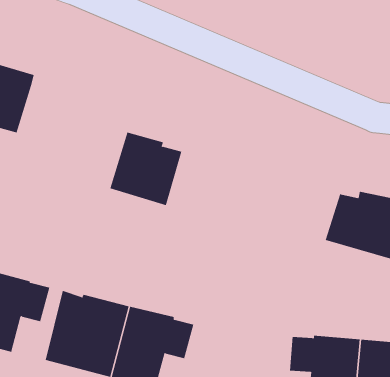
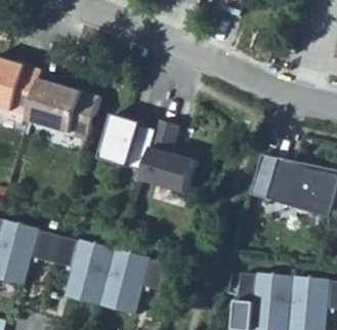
building: none -> [26,78,98,137]
building: none -> [140,120,194,192]

